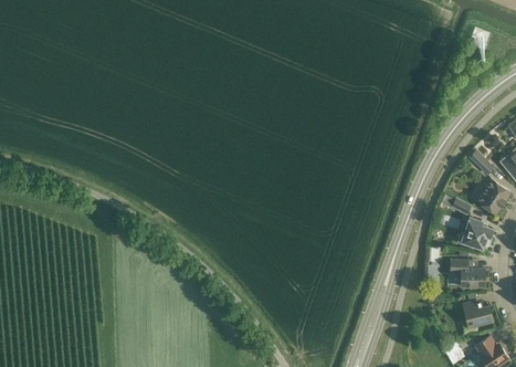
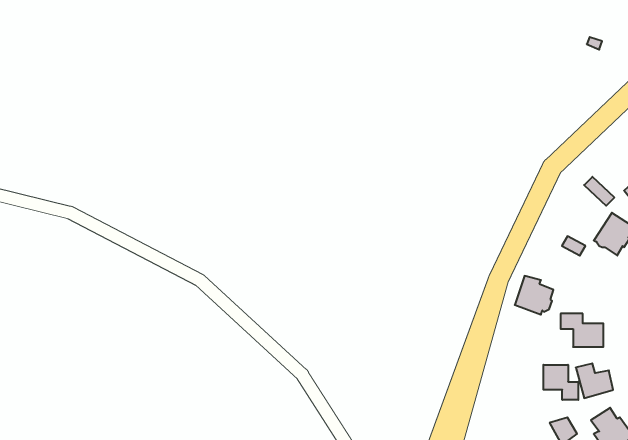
building: [461,218,492,249] -> [515,276,553,315]
building: none -> [543,365,578,400]

